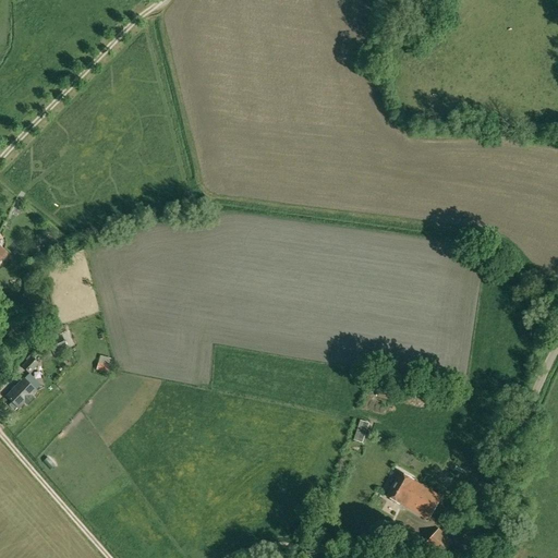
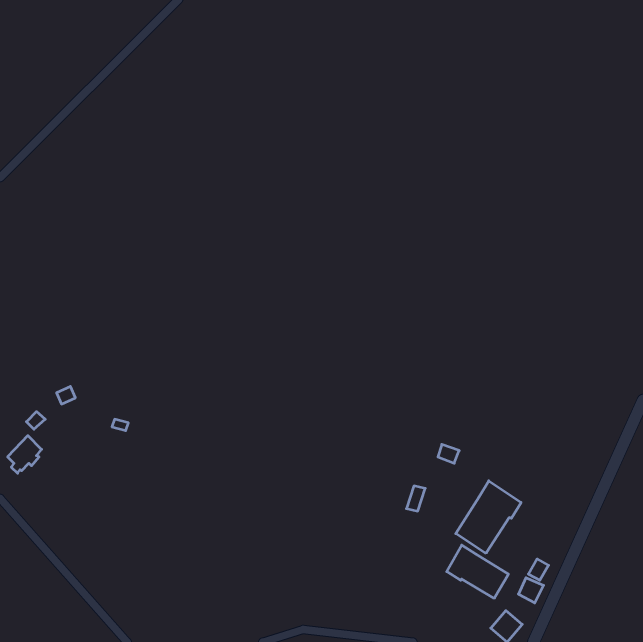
building: none -> [456,481,521,553]

